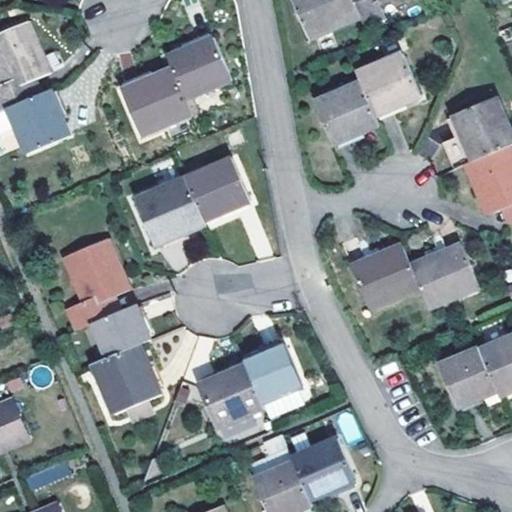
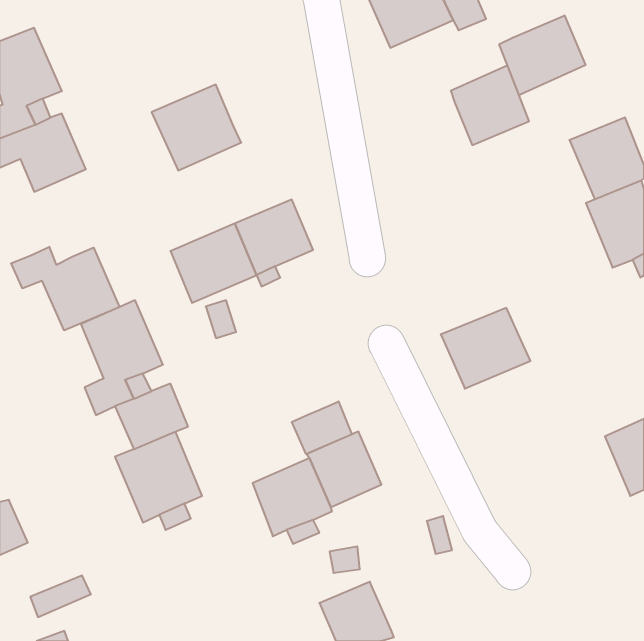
building: none -> [499,15,585,95]
building: [166,36,231,100] -> none
building: [314,81,378,144] -> none
building: none -> [11,247,119,330]
building: [410,243,477,305] -> none
building: none -> [292,401,352,454]
building: [438,344,497,405] -> none
building: [291,436,355,500] -> none

